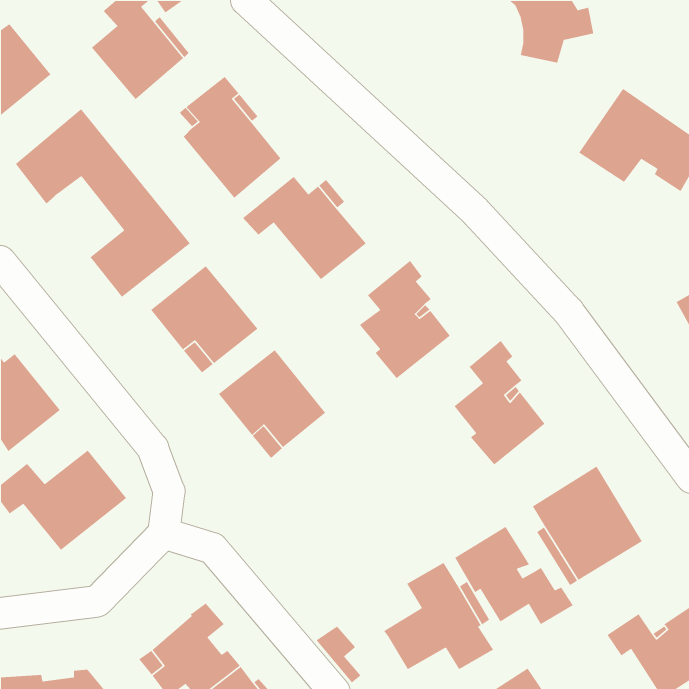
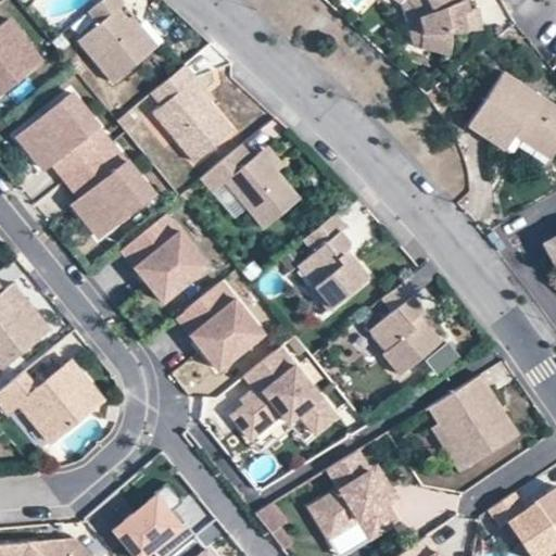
building: none -> [47,144,101,203]
building: none -> [232,349,337,442]
building: [454,526,574,625] -> none

